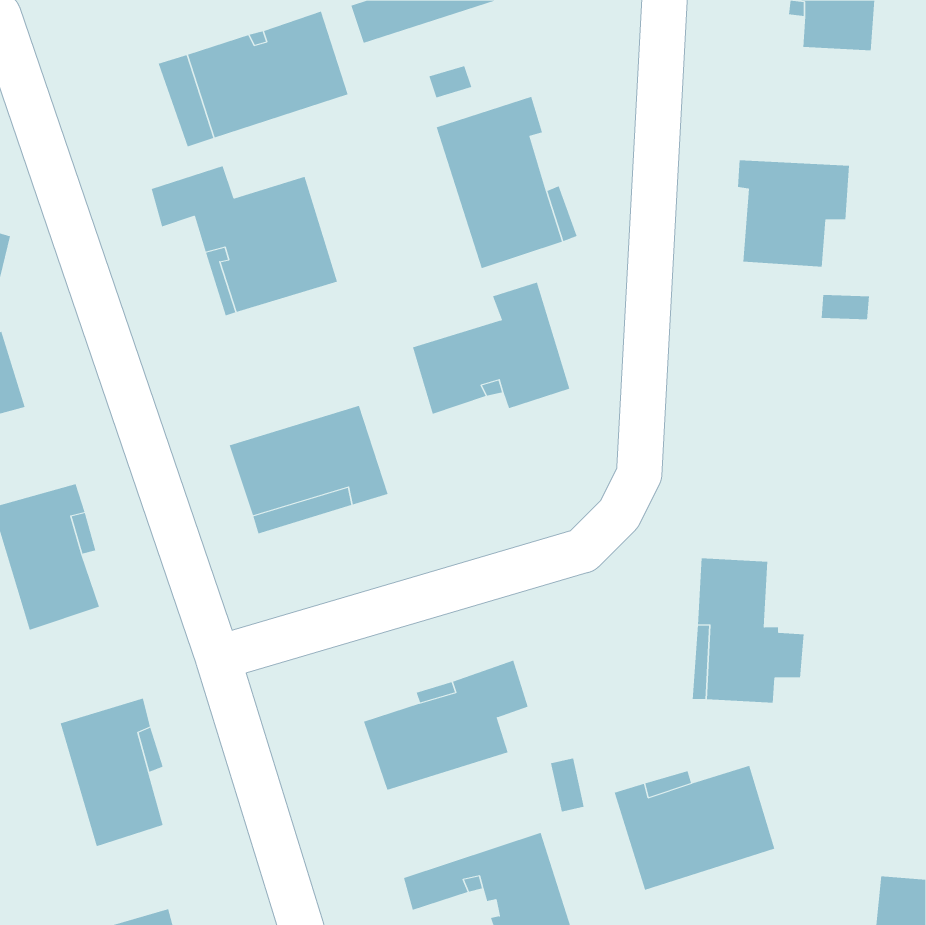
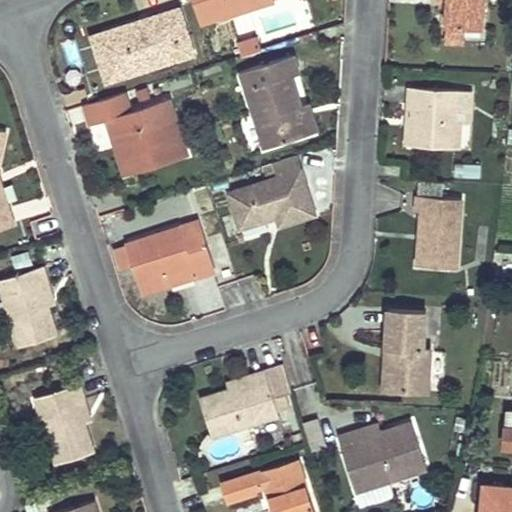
building: none -> [414,196,458,267]

